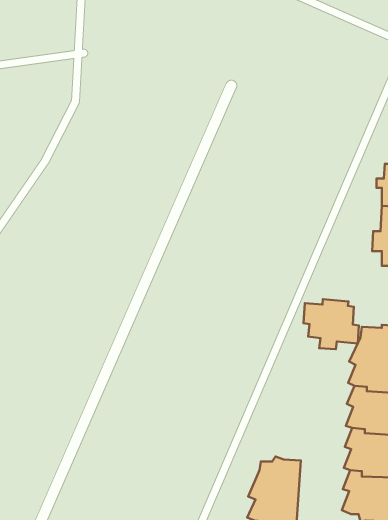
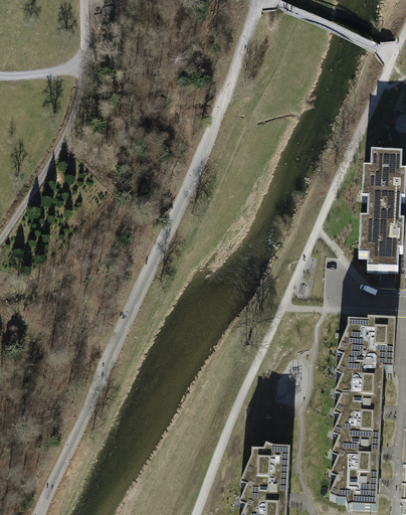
building: [303,299,359,349] -> none

